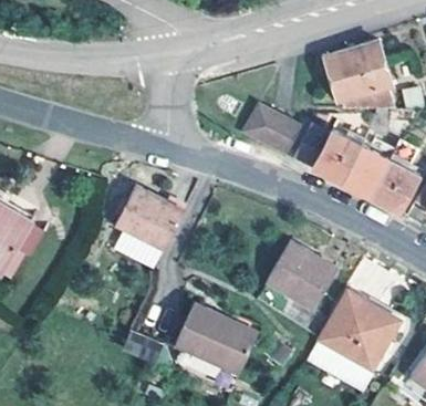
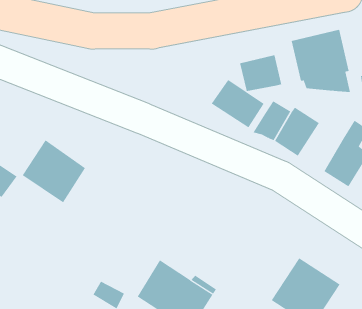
building: none -> [240,54,282,92]
building: [342,145,389,197] -> none
building: [113,186,183,254] -> [22,139,86,203]
building: [267,240,337,309] -> none

